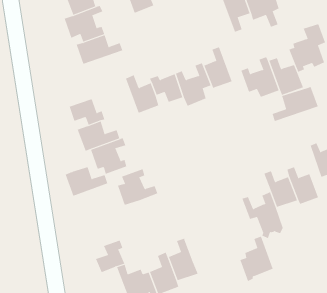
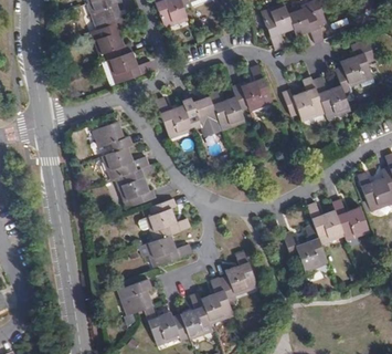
building: [272,86,318,122] -> none
building: [65,167,108,197] -> [146,236,193,269]
building: [239,236,274,282] -> [221,252,258,303]

